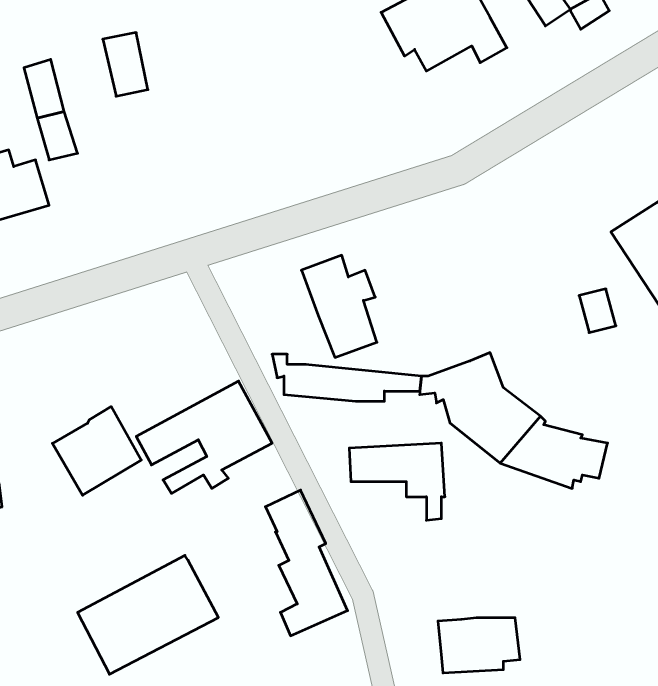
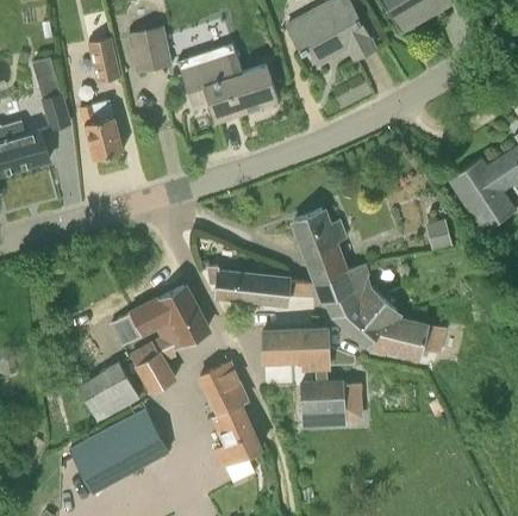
building: none -> [127,25,171,73]
building: none -> [176,41,277,119]
building: none -> [80,99,123,158]
building: [301,255,377,357] -> [294,209,348,281]
building: [52,407,141,495] -> [76,360,139,423]
building: none -> [135,352,175,393]
building: [438,618,520,673] -> [300,383,358,422]

